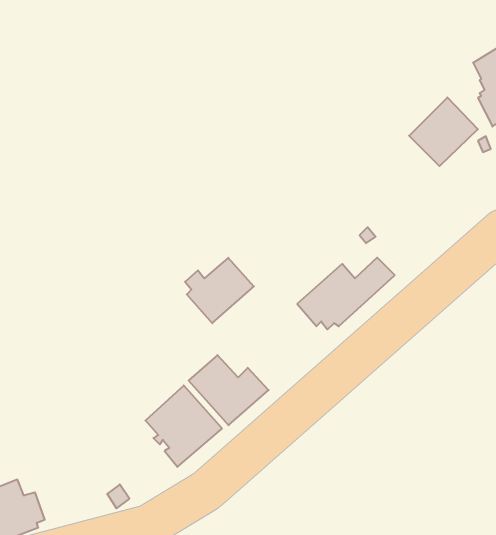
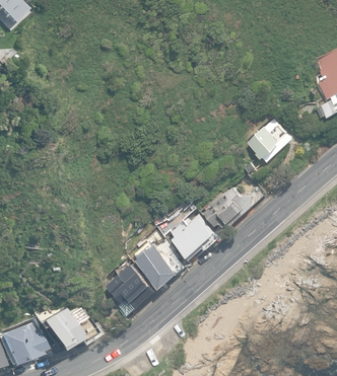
building: [409,97,478,166] -> [251,117,294,160]
building: [185,258,254,323] -> [175,215,218,256]
building: none -> [40,307,84,351]

